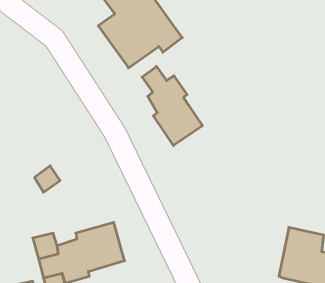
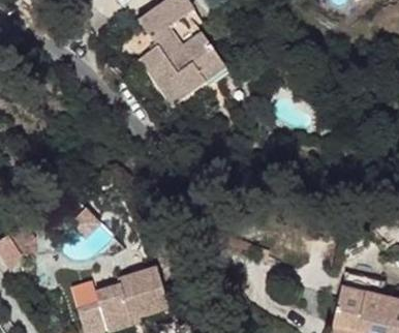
building: [142,66,202,146] -> none

